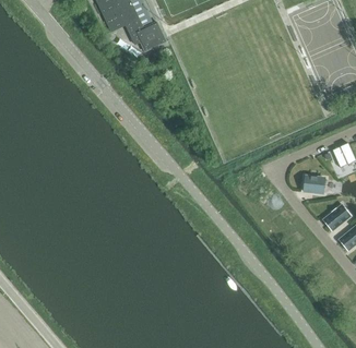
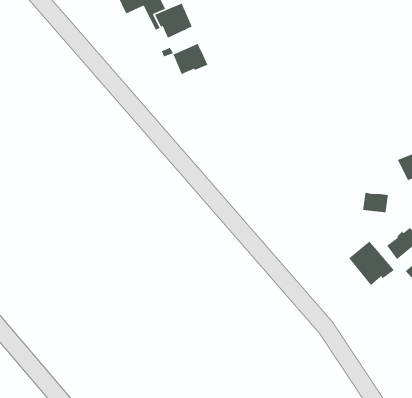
building: none -> [173,43,209,75]
building: none -> [348,240,395,286]

